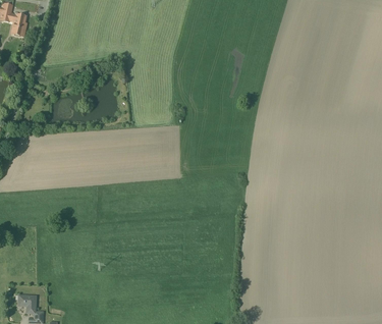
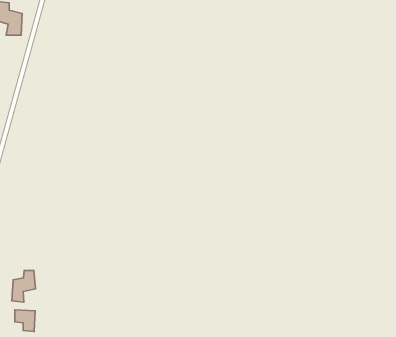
building: none -> [12,271,35,302]

